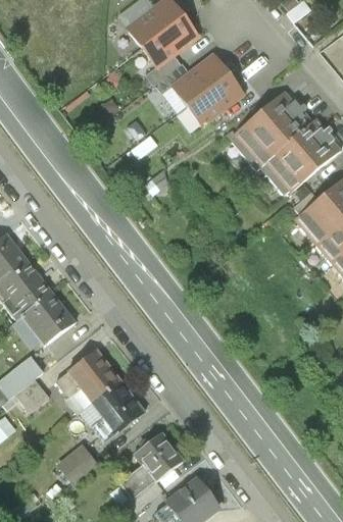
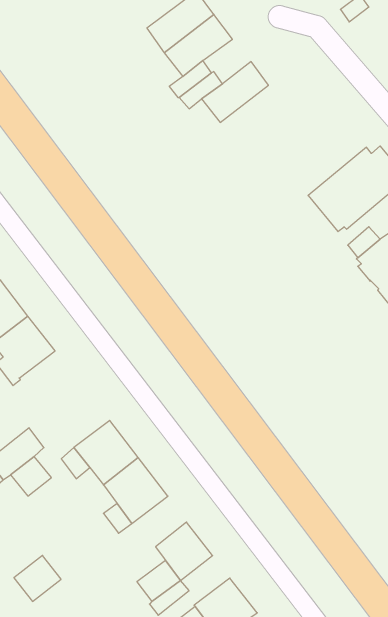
building: [187,73,242,123] -> none
building: [231,92,307,168] -> none
building: [21,292,75,344] -> none
building: [58,446,97,483] -> [14,555,61,601]

